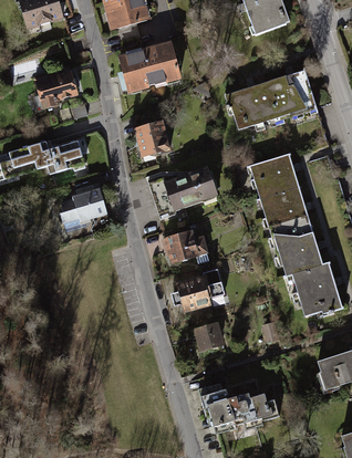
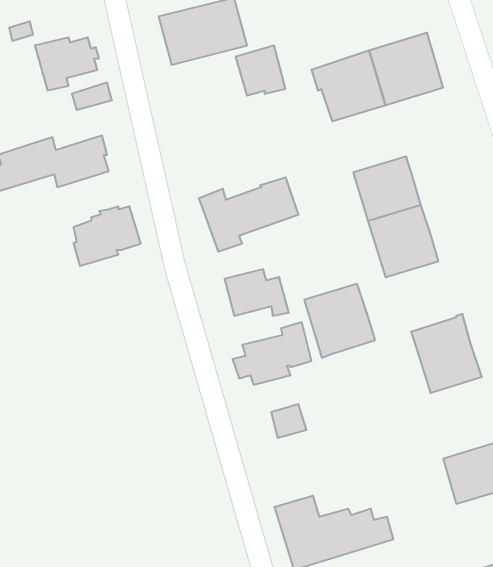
building: [134,122,168,156] -> [236,46,285,95]
building: [275,226,323,277] -> [304,284,375,358]

